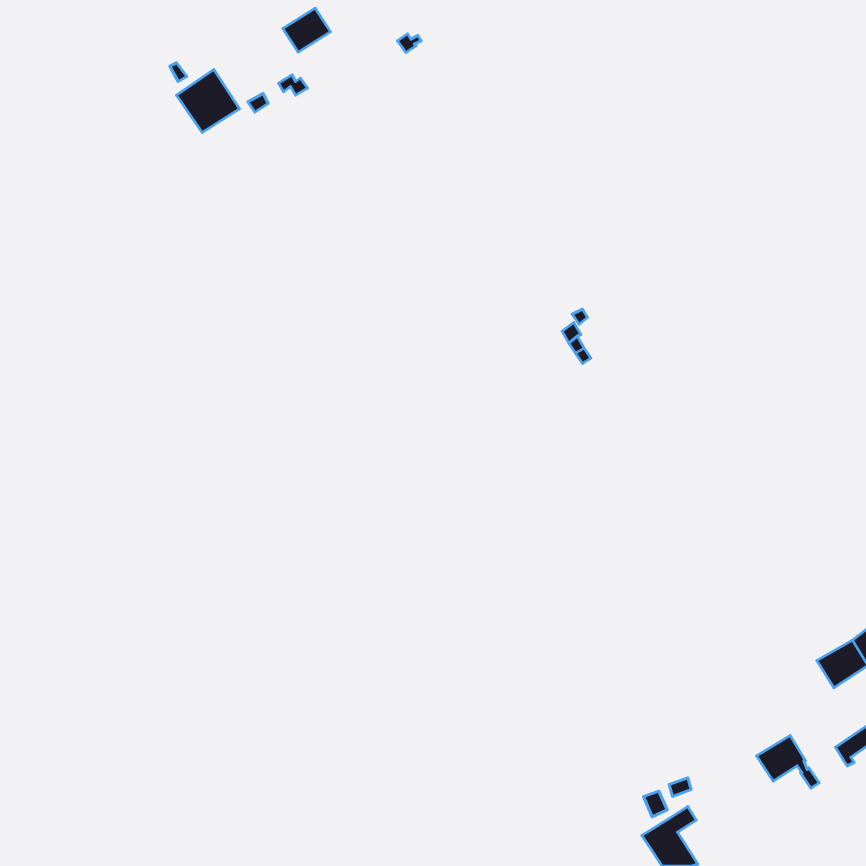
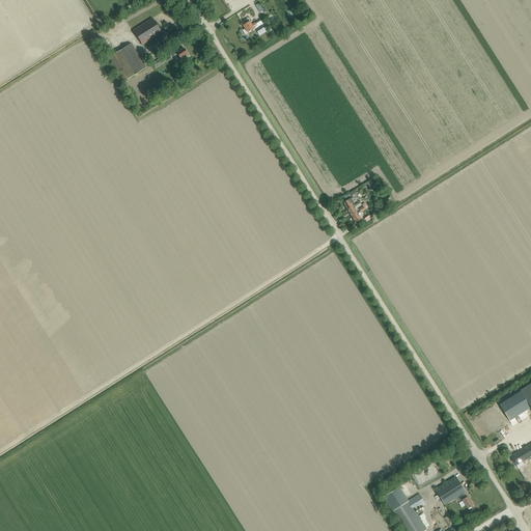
building: [283,8,330,52] -> [134,18,163,45]
building: [756,735,819,788] -> [436,476,474,508]

